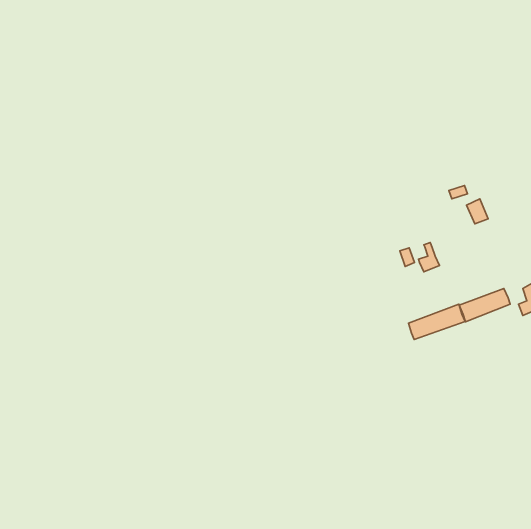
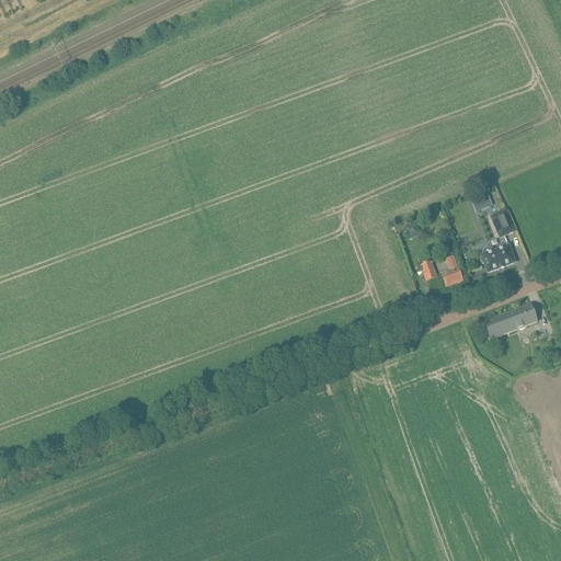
building: none -> [482,244,516,271]
building: [408,304,465,340] -> none

